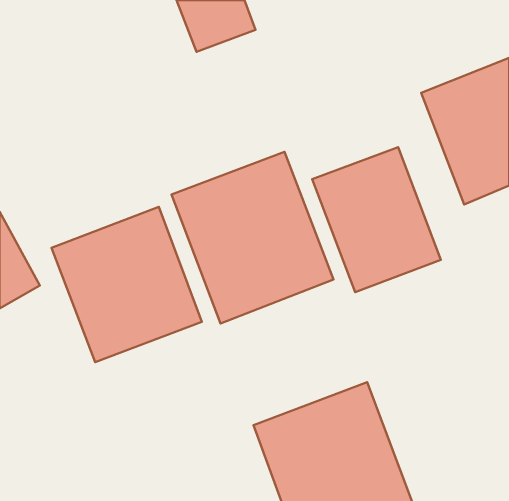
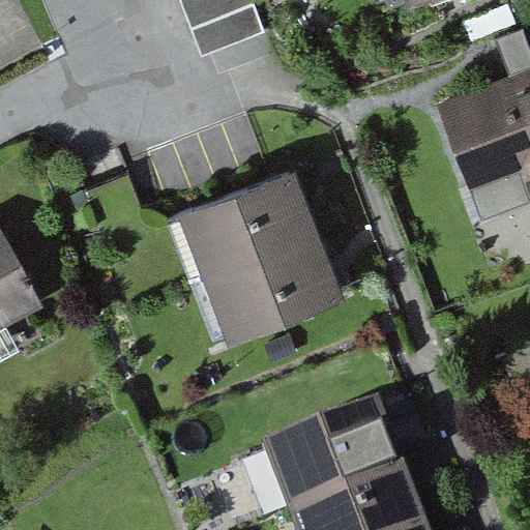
building: [312,147,441,292] -> none
building: [52,207,202,362] -> none

